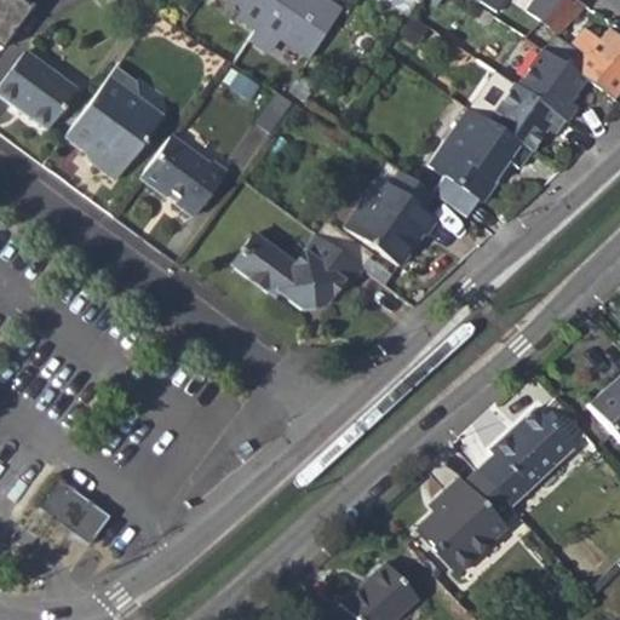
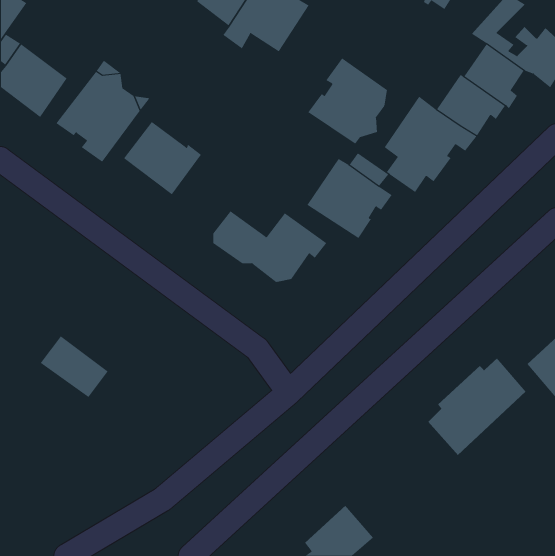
building: none -> [308,57,388,145]
building: [415,469,515,573] -> none
building: [34,478,110,547] -> [40,336,108,398]

